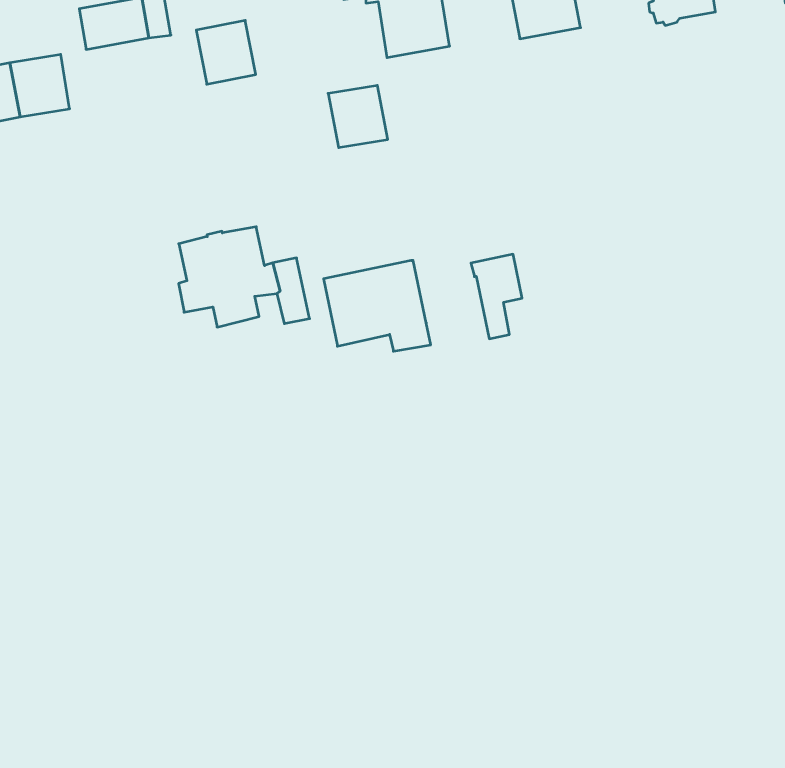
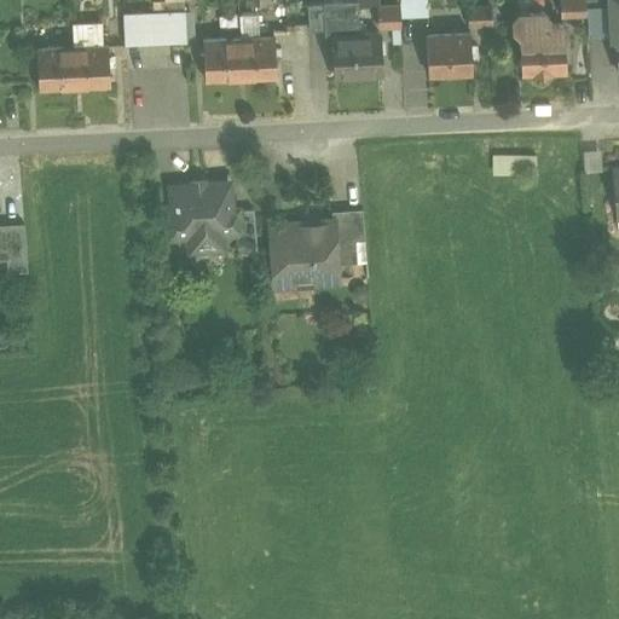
building: [328,85,388,148] -> [238,37,276,77]
building: [471,254,522,339] -> [331,209,364,266]

